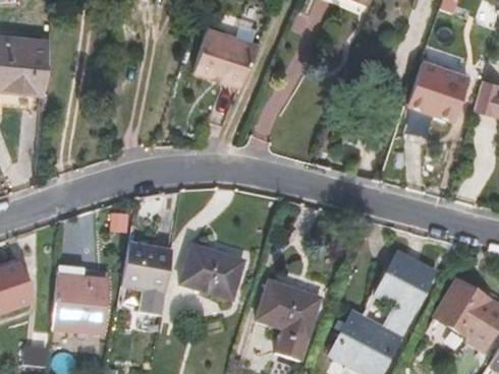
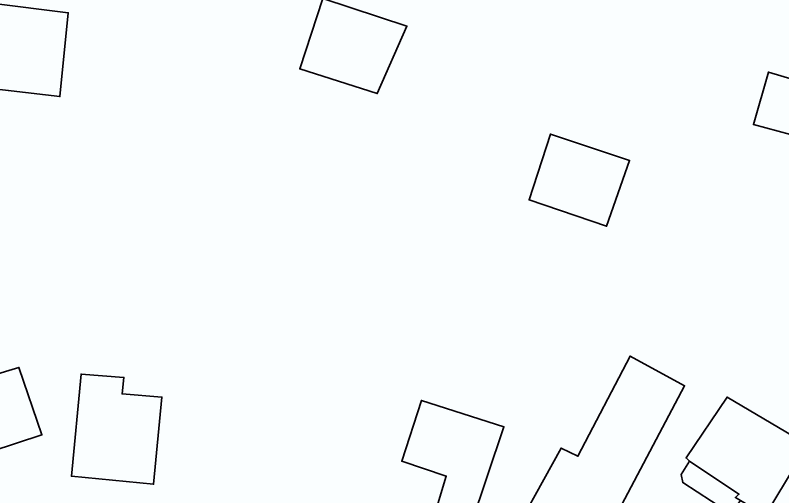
building: [407,60,469,117] -> [529,134,630,226]
building: [121,240,172,315] -> none
building: [179,243,244,299] -> none

